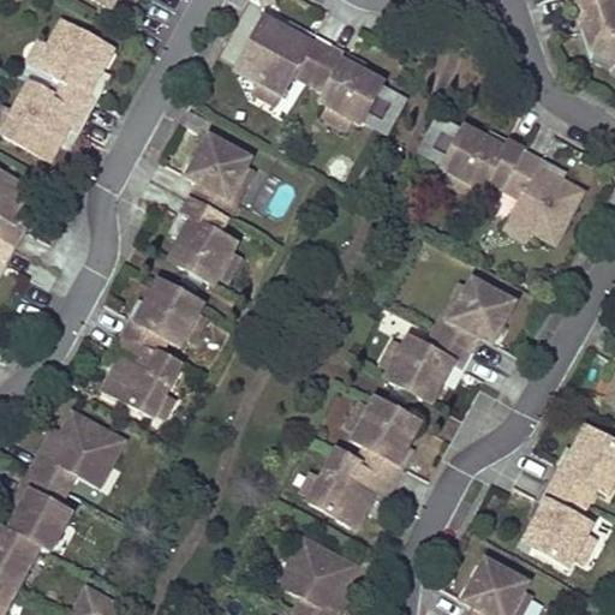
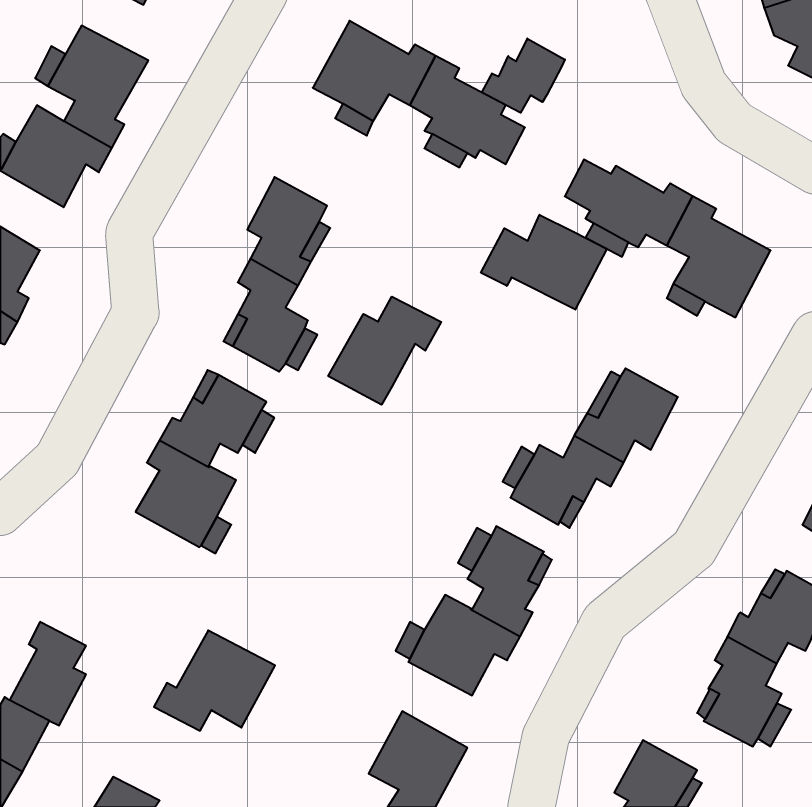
building: none -> [482,38,565,113]
building: none -> [481,215,607,310]
building: none -> [328,297,441,405]
building: [32,411,124,486] -> [154,630,275,731]

